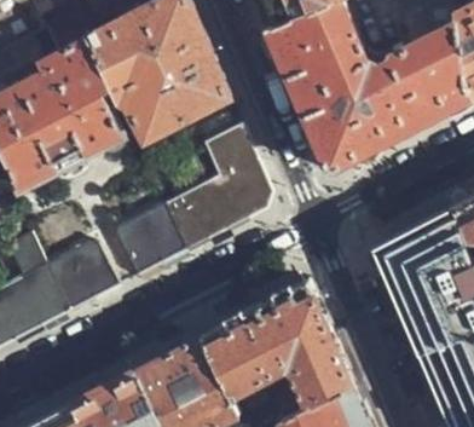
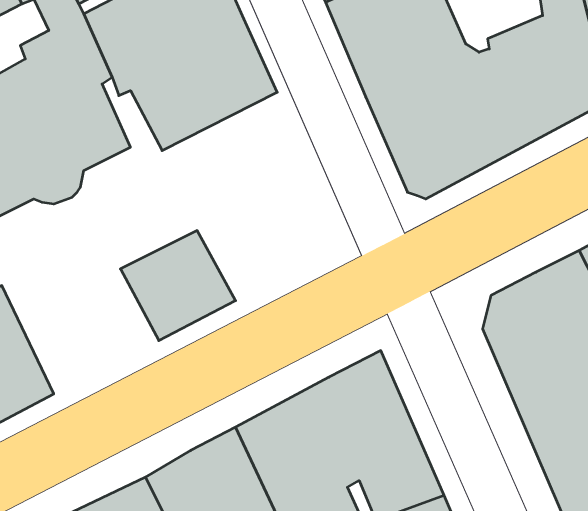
building: [172,123,268,244] -> none
building: [45,241,118,312] -> none

